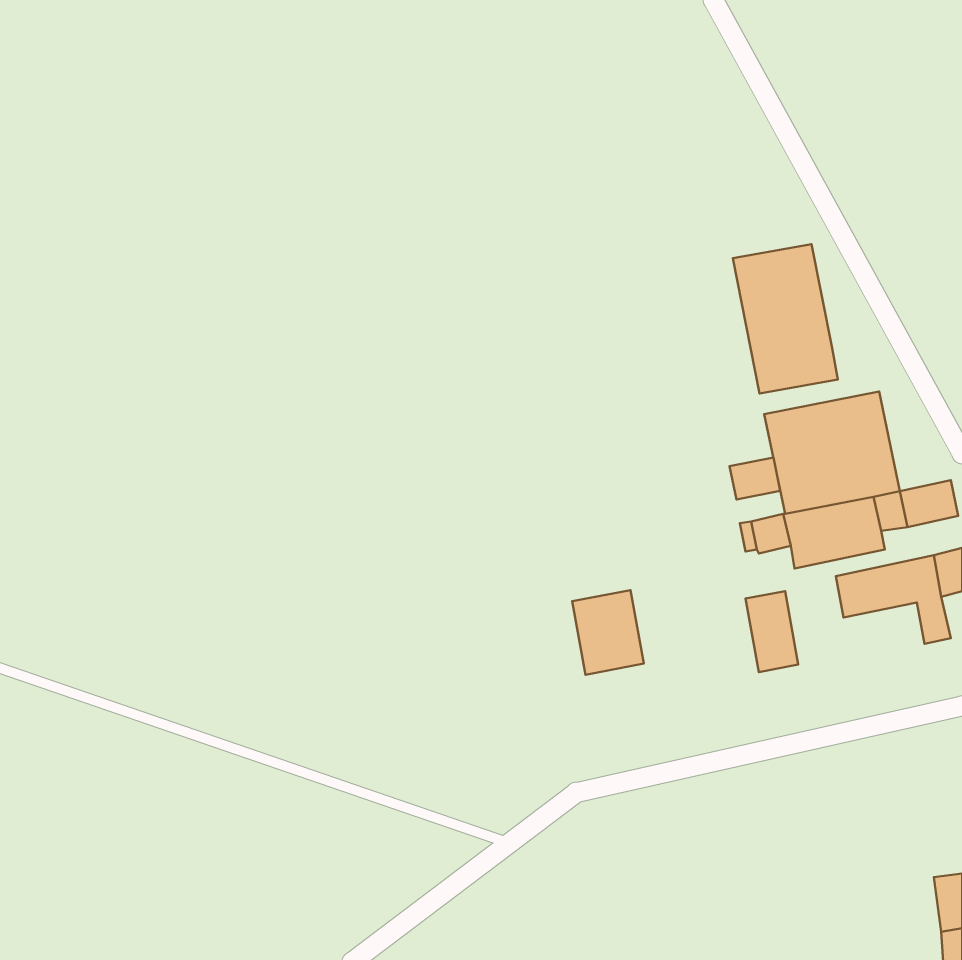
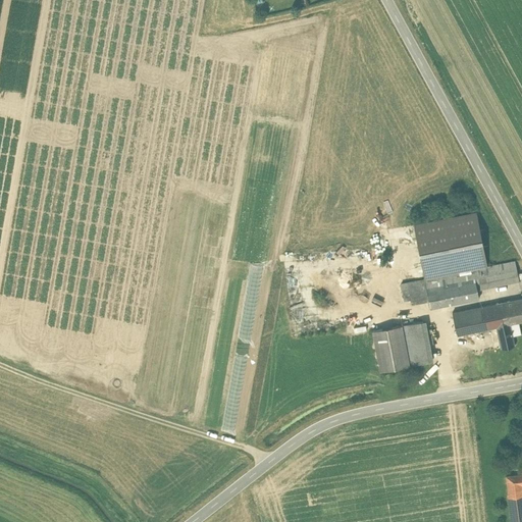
building: [733,244,838,394] -> none
building: [730,458,780,499] -> none
building: [572,590,644,675] -> [372,325,411,371]

